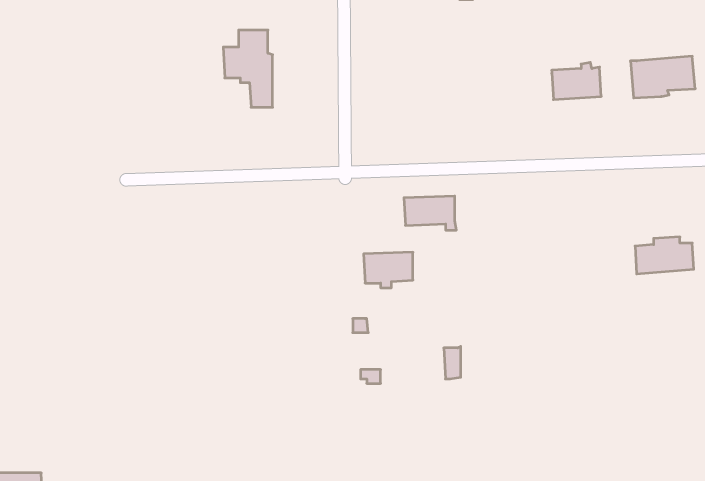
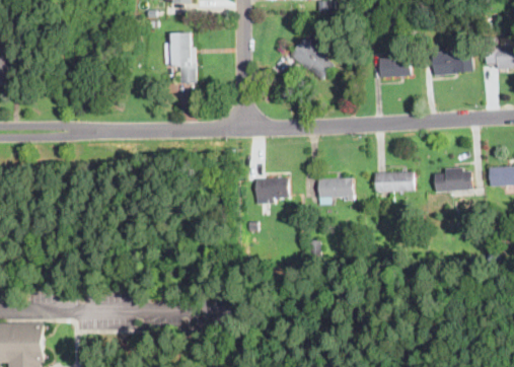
building: none -> [289,31,336,81]
building: [404,196,456,230] -> [317,178,352,201]
building: none -> [374,172,413,193]

